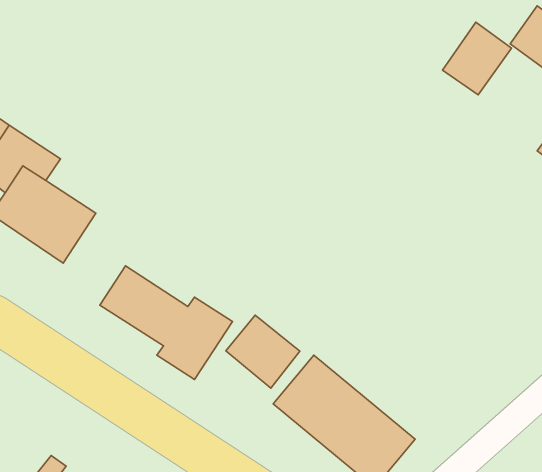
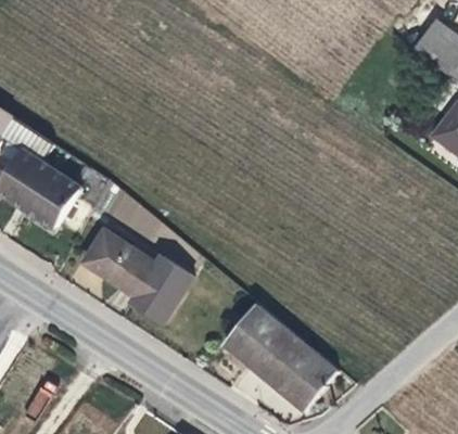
building: [443,22,512,95] -> none
building: [226,315,300,388] -> none

